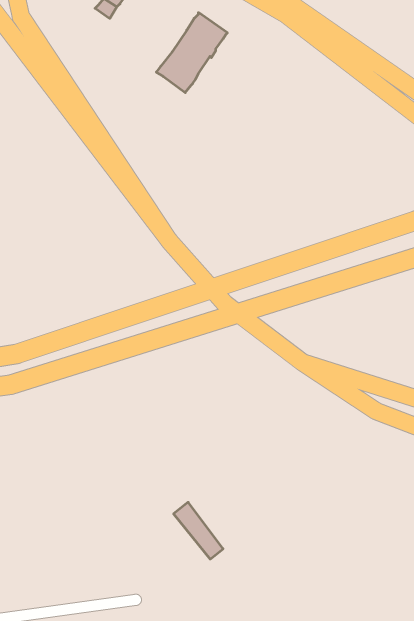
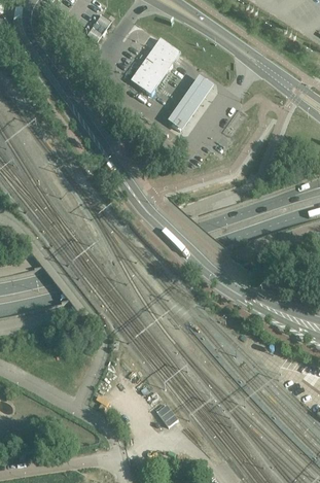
building: none -> [168,75,213,130]

